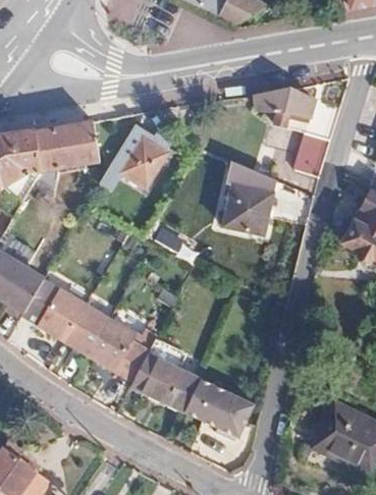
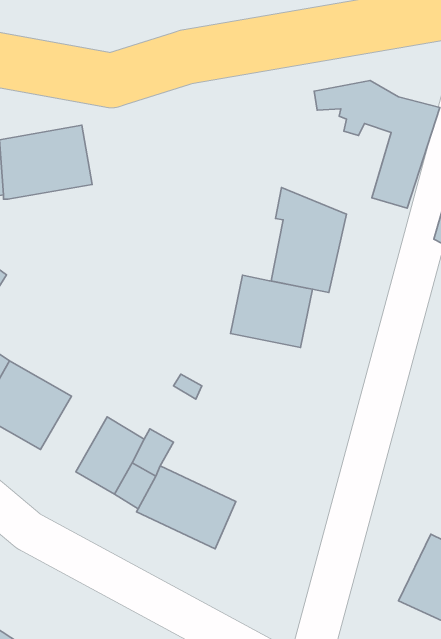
building: [111,124,169,186] -> none
building: none -> [230,275,312,348]
building: [64,305,110,356] -> none
building: [184,377,254,436] -> none

